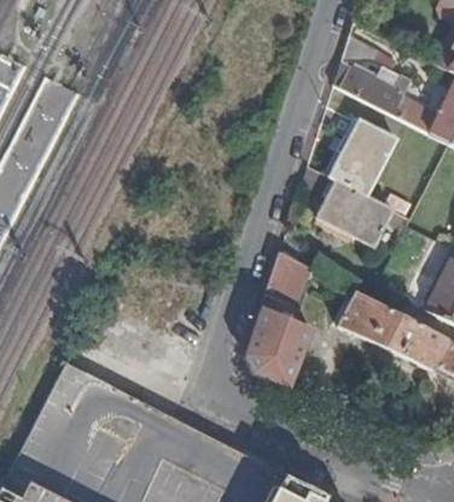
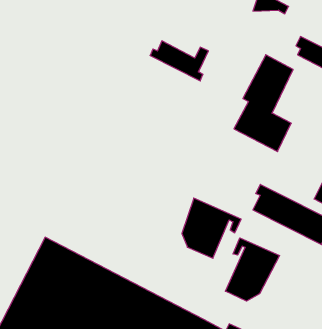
building: [334,66,412,119] -> [150,41,208,81]
building: [268,255,310,305] -> none
building: none -> [225,238,280,301]

